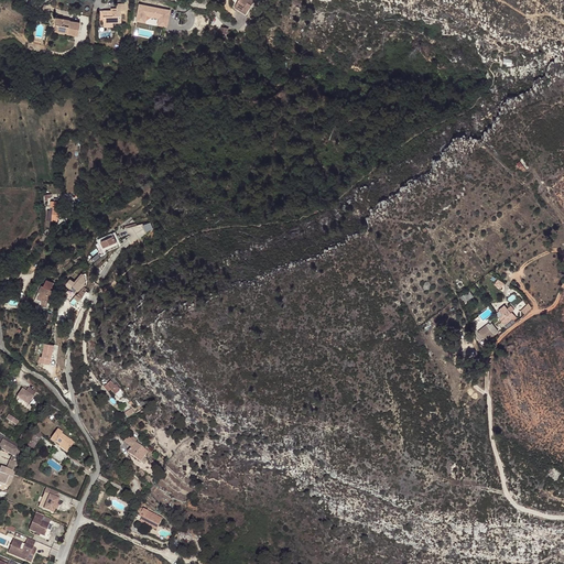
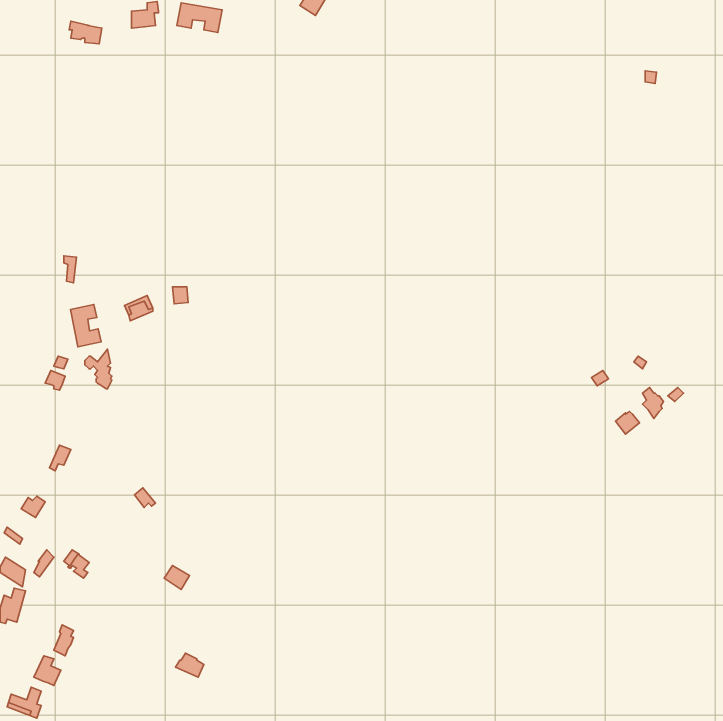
building: none -> [70,305,101,347]

